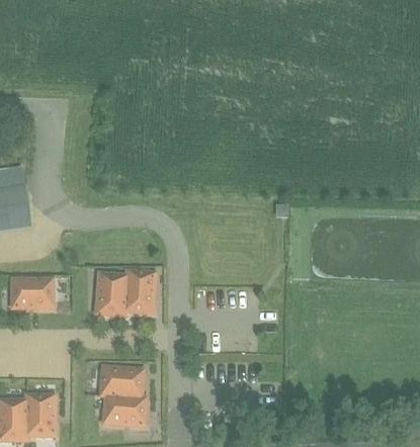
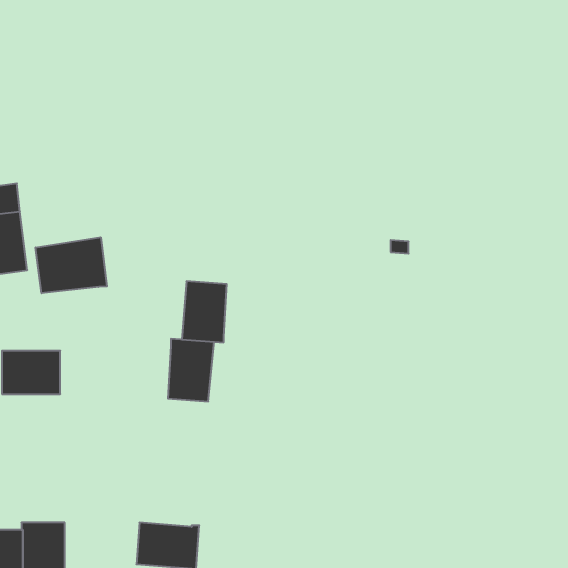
building: none -> [36,237,107,293]
building: [96,274,127,316] -> [182,281,227,342]
building: [100,367,143,398] -> none

